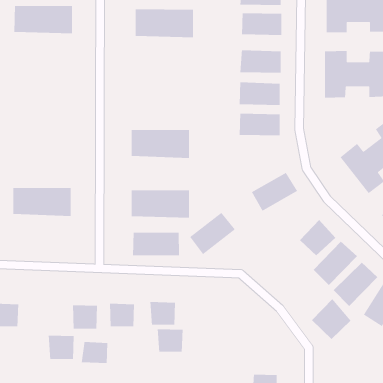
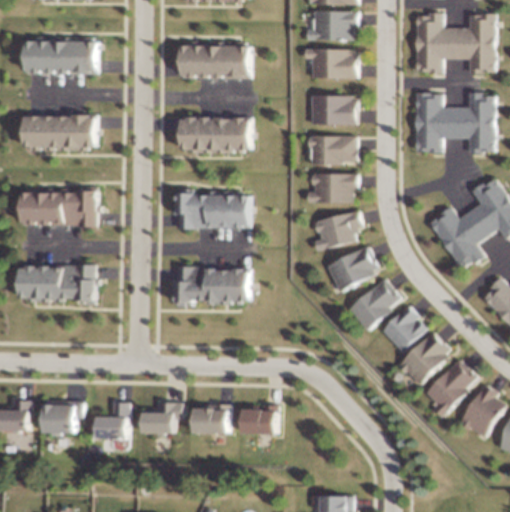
building: none -> [23,113,97,150]
building: none -> [175,117,248,154]
building: none -> [21,188,94,225]
building: none -> [310,208,367,251]
building: [189,212,236,255] -> [346,276,404,330]
building: [132,232,180,256] -> none
building: [311,298,351,340] -> none
building: [157,328,183,353] -> [243,405,276,435]
building: [48,335,75,360] -> [49,404,82,435]
building: [81,341,108,364] -> none

